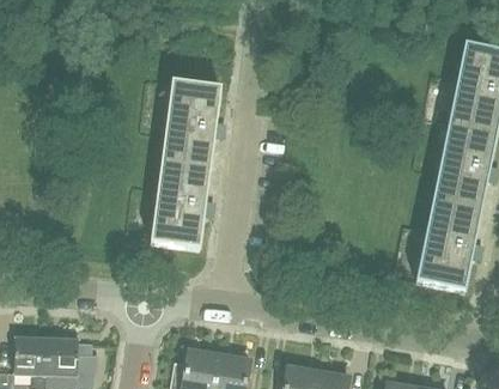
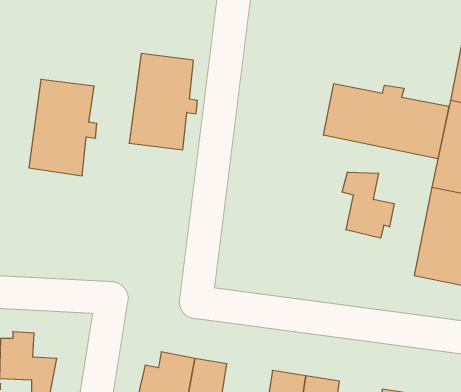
building: none -> [324,84,449,159]
building: [151,163,212,249] -> [29,79,97,176]
building: none -> [342,172,394,238]

